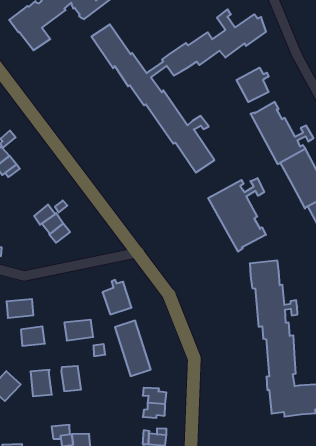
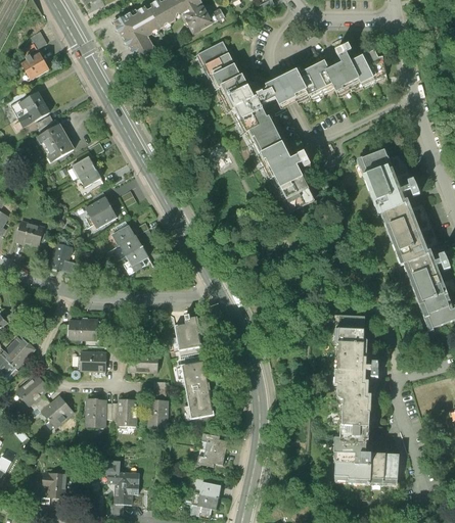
building: [236,68,269,102] -> none
building: [208,178,266,252] -> none
building: none -> [85,195,115,224]
building: none -> [148,399,169,423]

